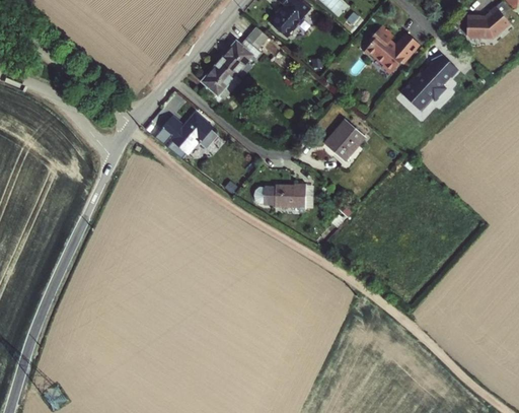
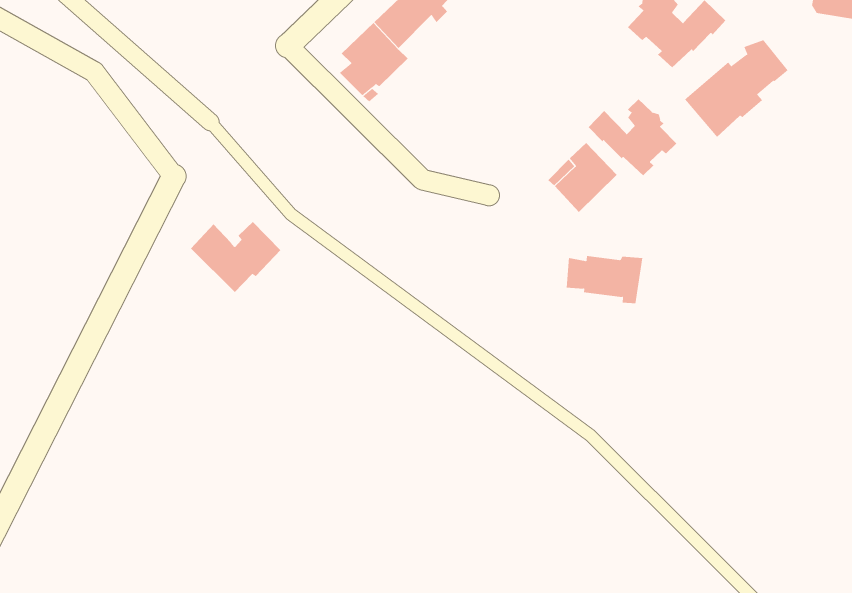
building: none -> [588,99,677,176]
building: [161,112,213,153] -> [190,221,281,293]
building: [265,183,307,209] -> [566,255,643,304]

